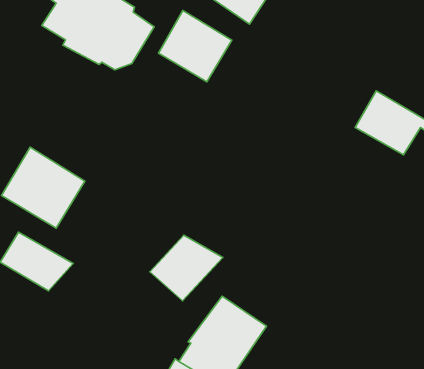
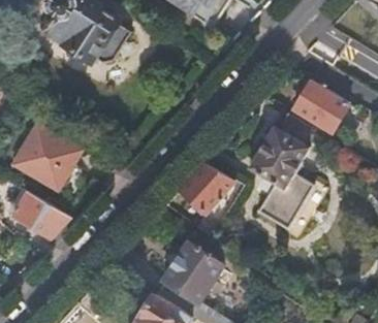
building: [158,10,232,82] -> none
building: none -> [250,114,318,230]
building: [150,235,223,301] -> [180,163,238,215]

